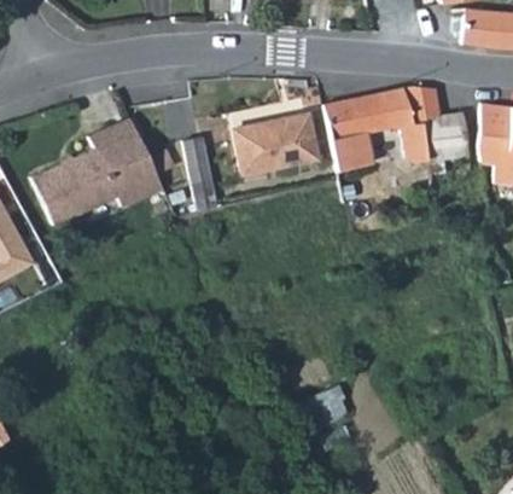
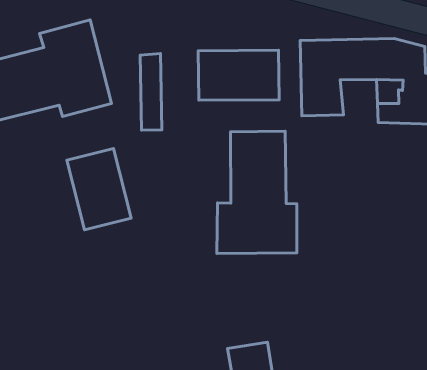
building: none -> [217,131,297,253]
building: none -> [67,148,131,230]

